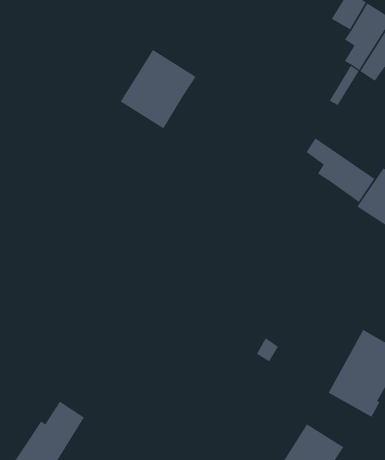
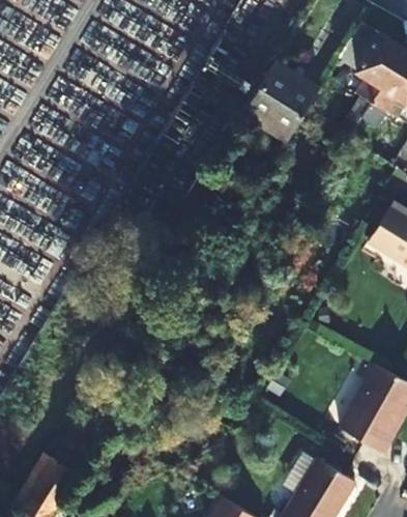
building: [120,49,197,129] -> [242,61,320,142]
building: [306,137,375,203] -> none

